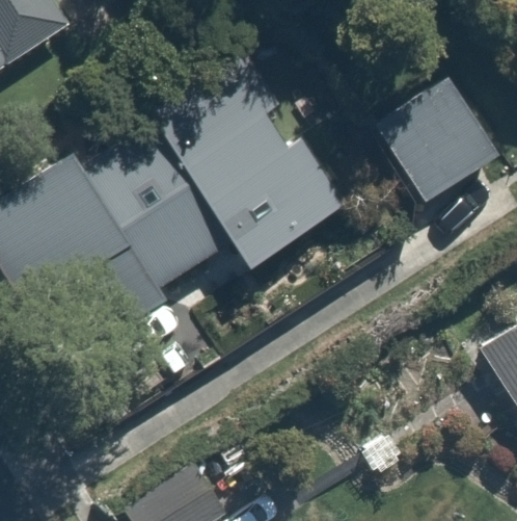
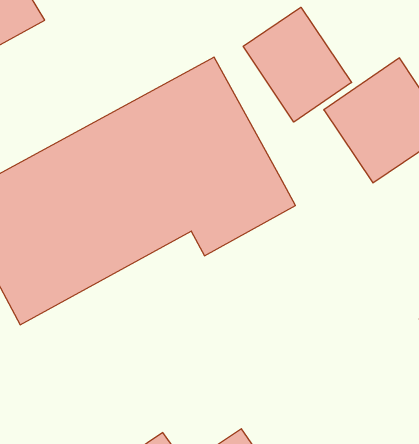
building: none -> [243,7,352,122]

